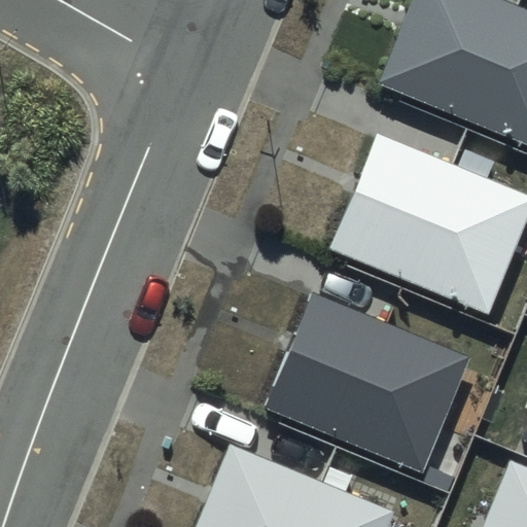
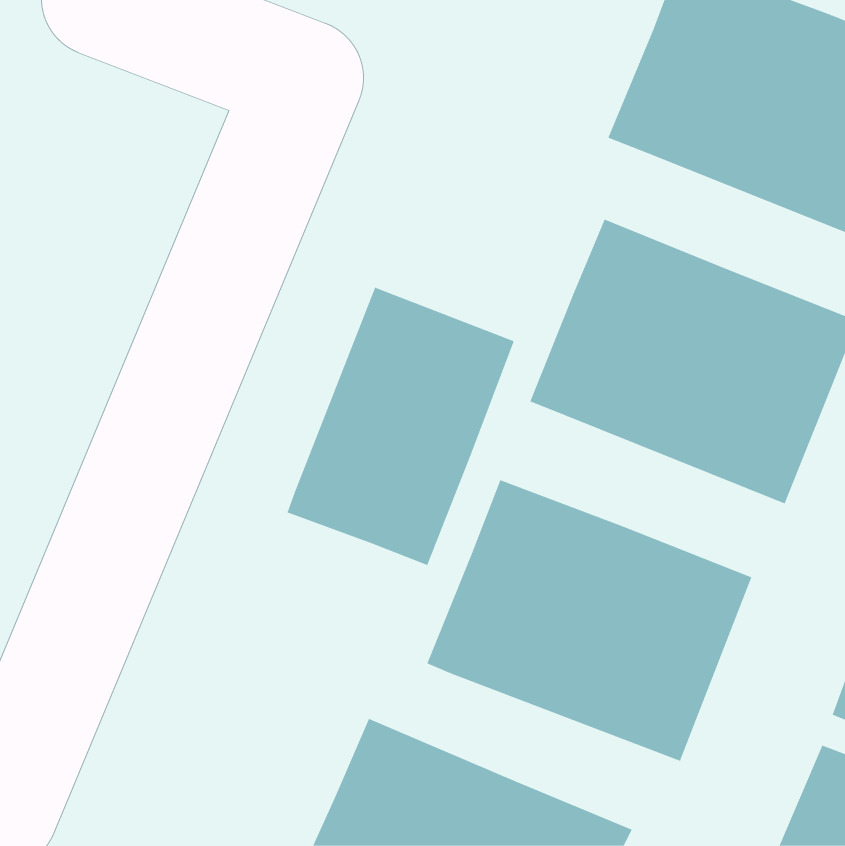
building: none -> [287,287,514,566]

